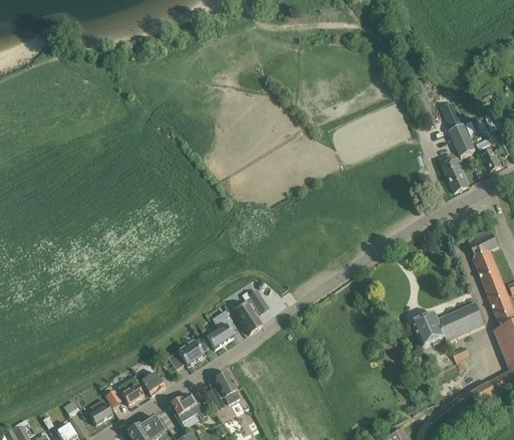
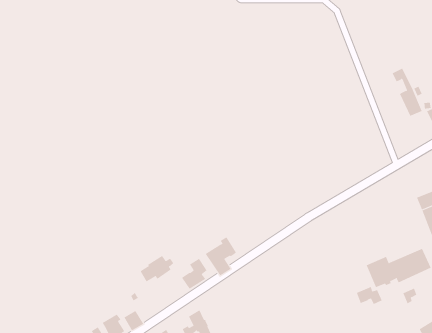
building: [442,158,468,191] -> none
building: [169,339,207,369] -> [140,255,174,282]
building: none -> [356,286,384,305]

